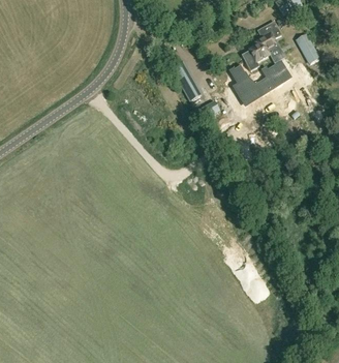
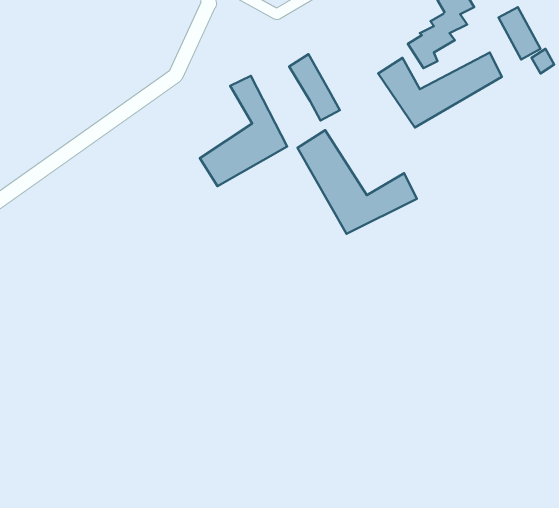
building: none -> [200,76,287,186]
building: none -> [297,130,417,234]

